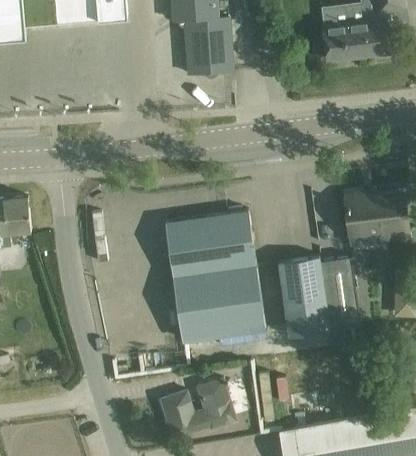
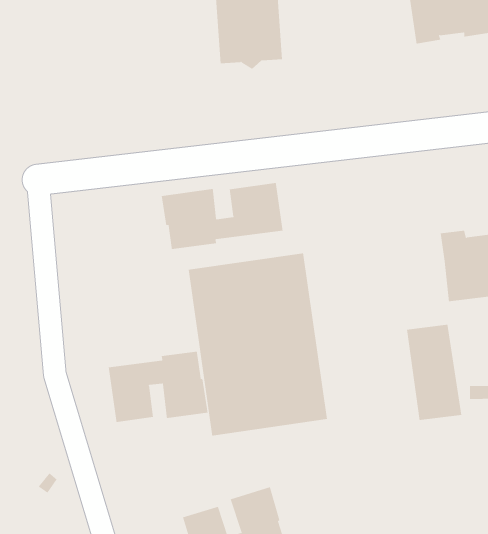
building: none -> [161,182,283,250]
building: [278,256,329,336] -> none
building: none -> [108,351,208,423]

